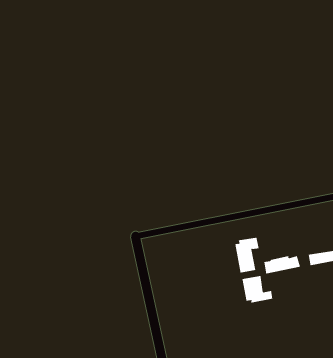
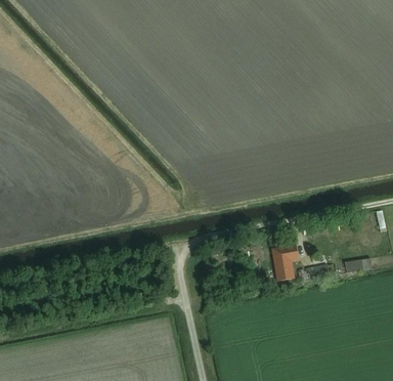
building: [242,275,273,303] -> none

